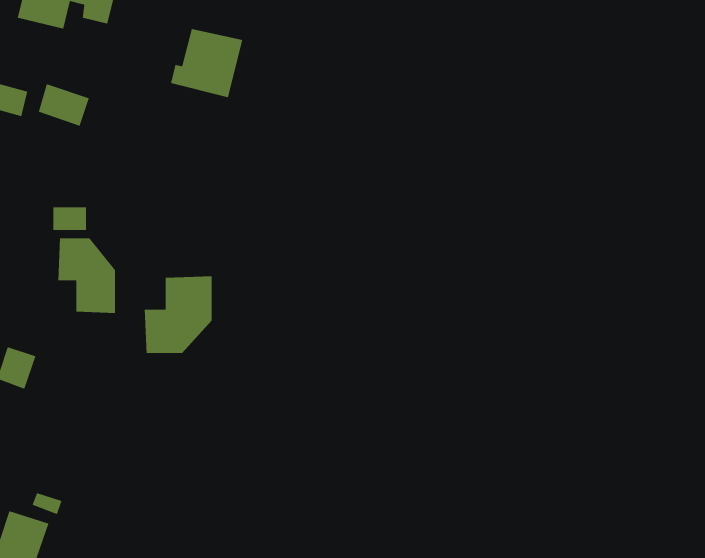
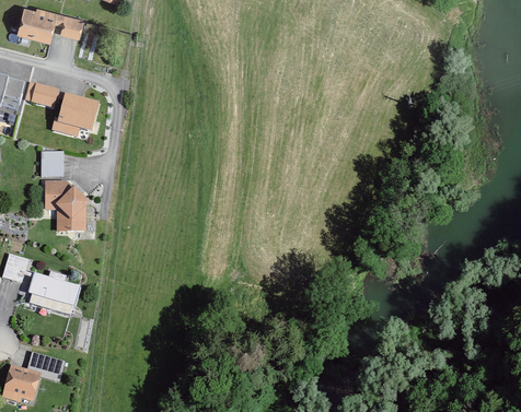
building: [170,28,243,98] -> [58,92,107,139]
building: [144,276,213,354] -> none
building: none -> [28,272,79,316]

